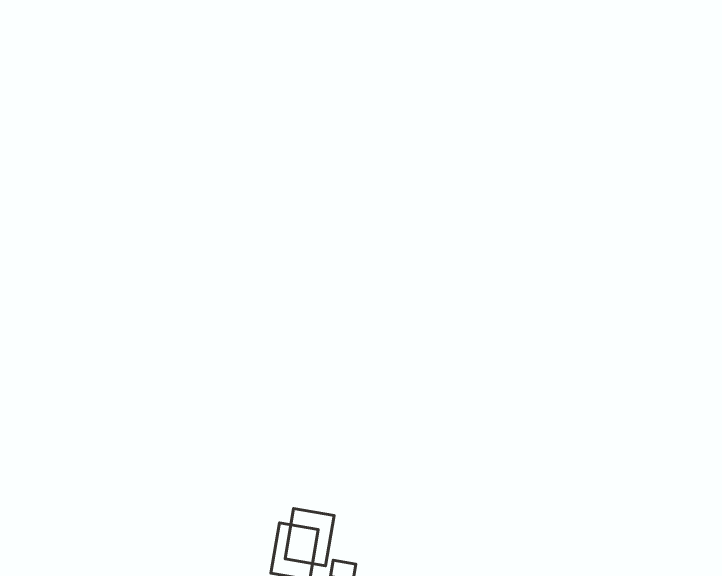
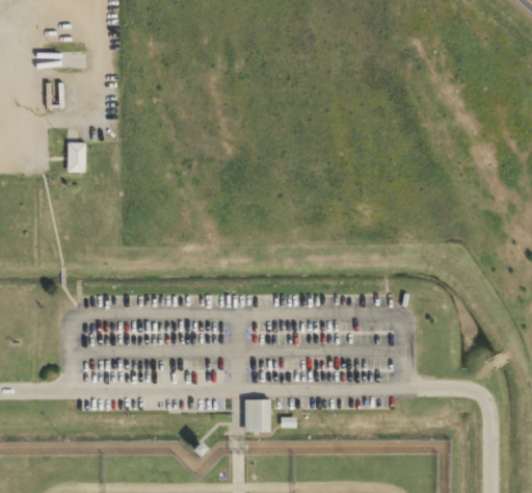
building: none -> [66,144,85,173]

